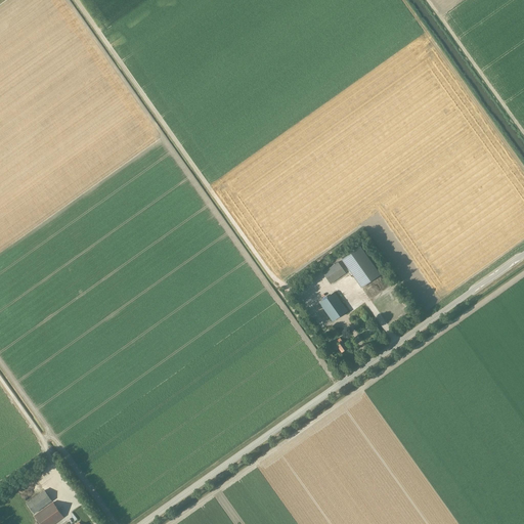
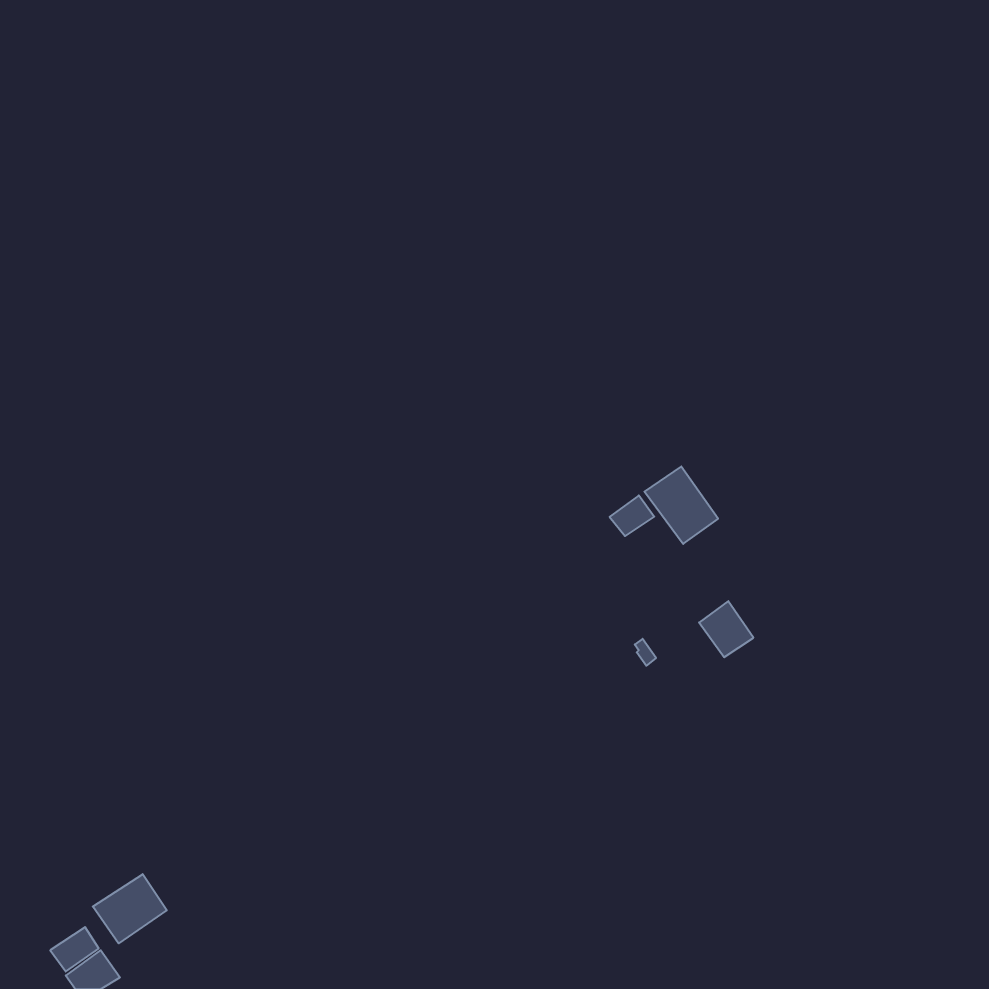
building: [319,292,348,321] -> [699,601,753,657]
building: none -> [93,874,167,943]

